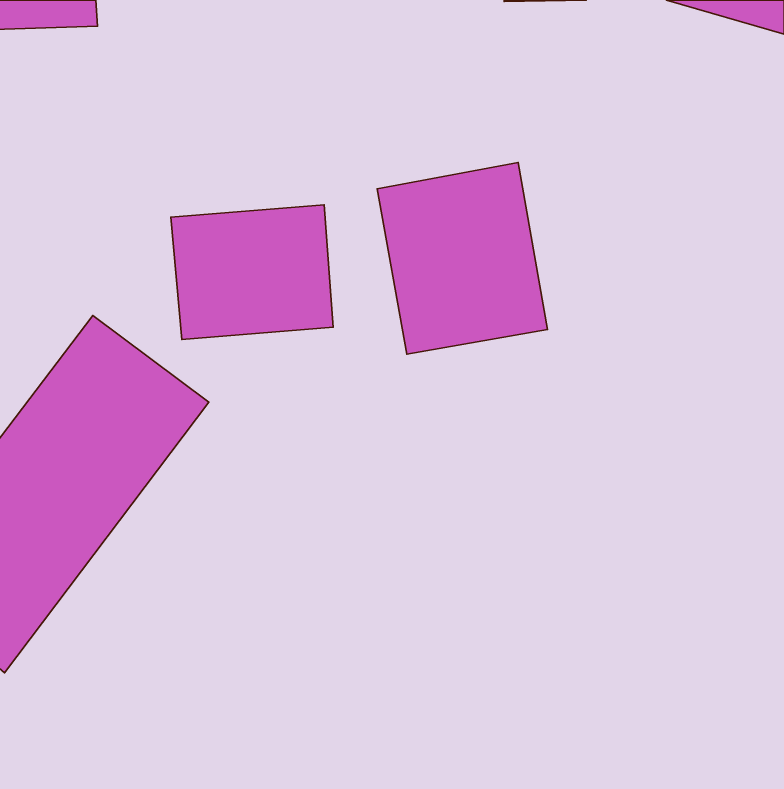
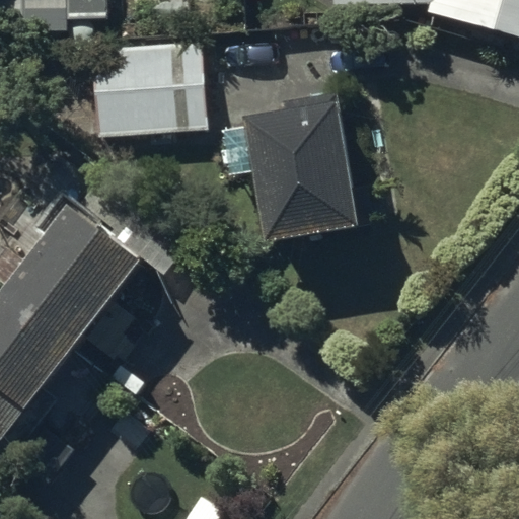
building: [171,205,333,339] -> [91,43,198,131]

